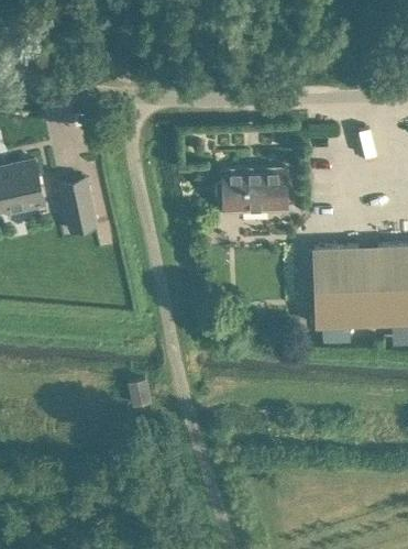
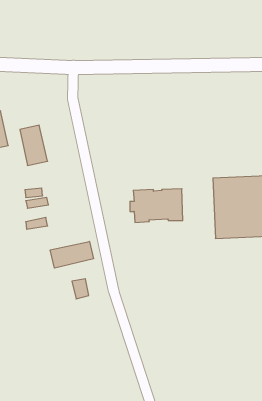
building: [218,172,287,216] -> [130,189,183,222]
building: none -> [50,241,93,268]

